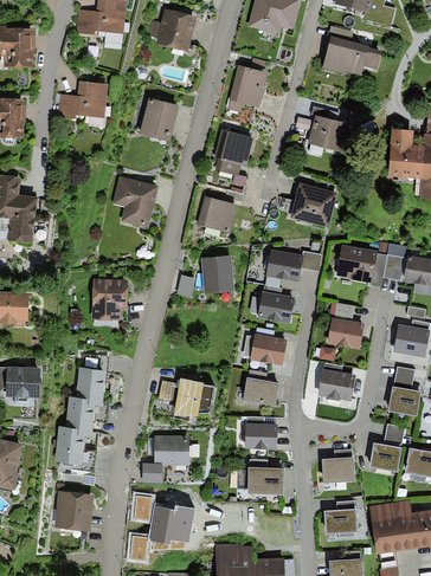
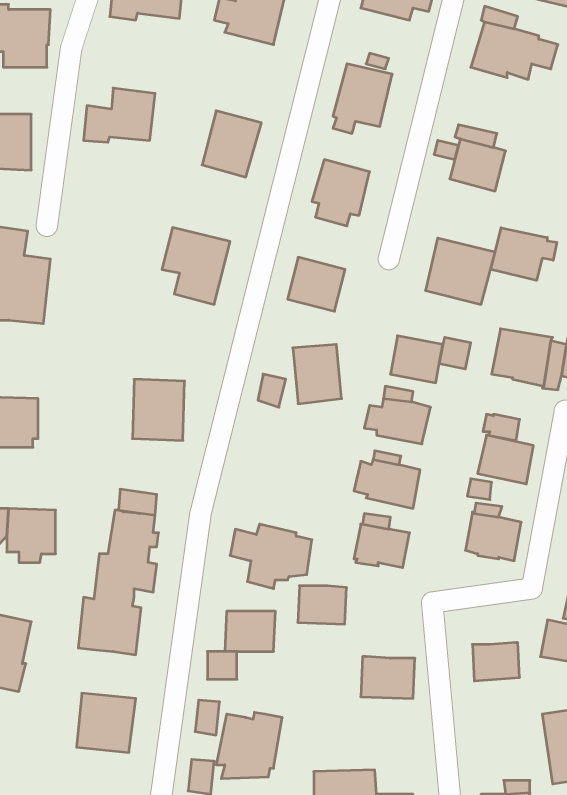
building: none -> [491,228,557,280]
building: [244,423,277,449] -> [298,586,347,624]
building: [323,510,358,535] -> none

